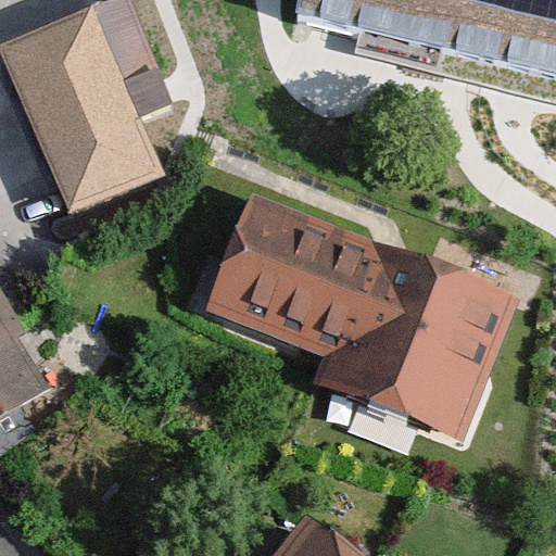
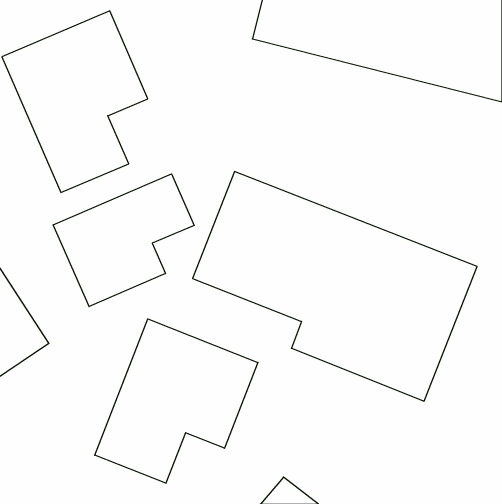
building: none -> [53,174,194,307]
building: none -> [95,319,258,483]

